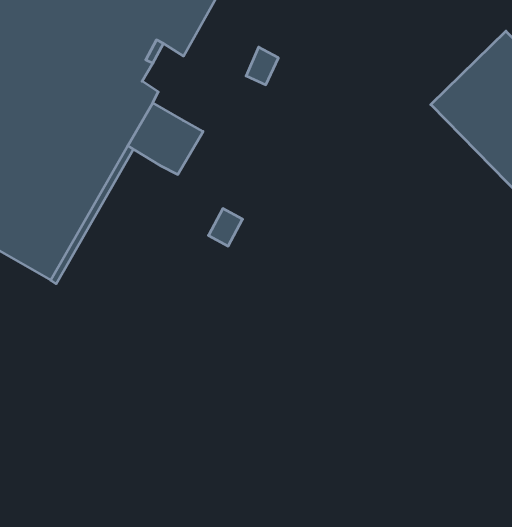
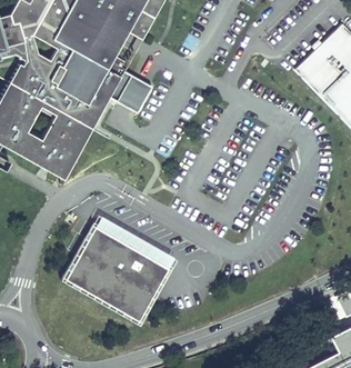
building: none -> [66,225,169,320]

